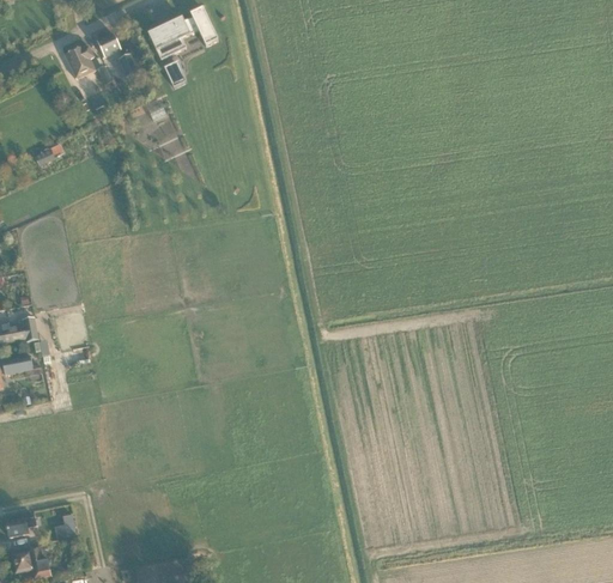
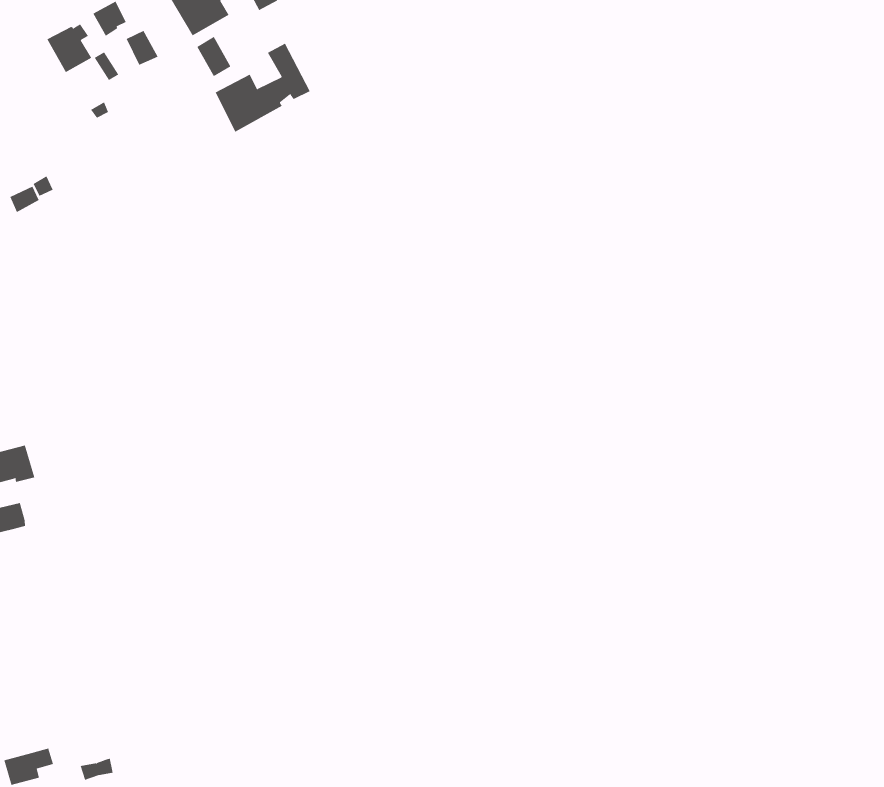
building: none -> [215,43,311,133]

